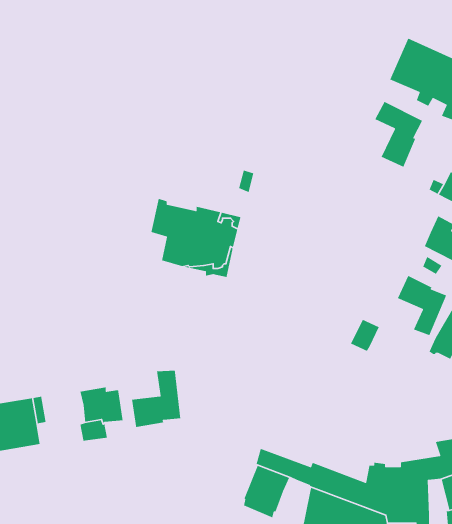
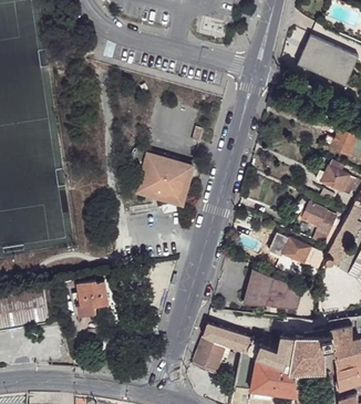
building: [374,101,423,168] -> none
building: none -> [283,238,318,267]
building: none -> [243,267,297,309]
building: [131,370,181,428] -> none

